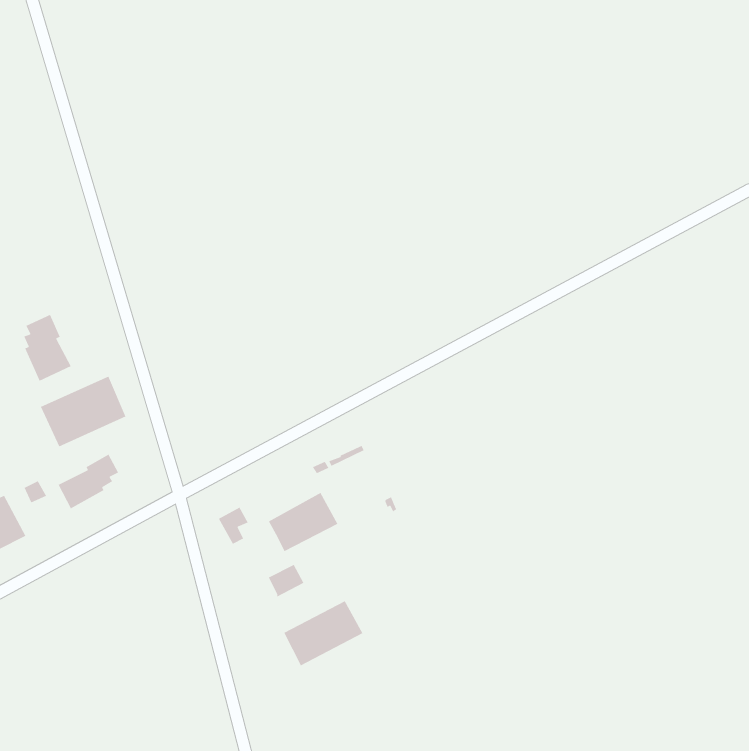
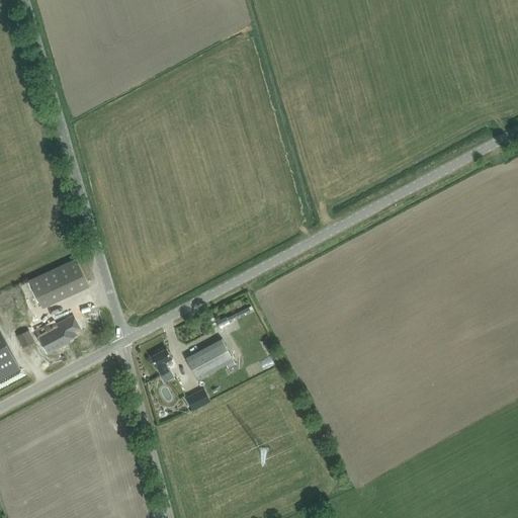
building: [23,314,72,382] -> none
building: [283,600,363,667] -> none

